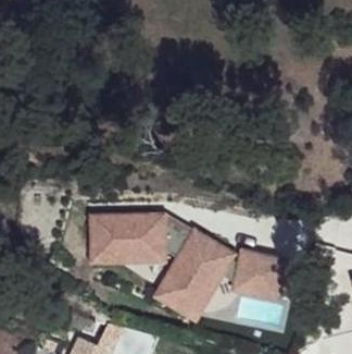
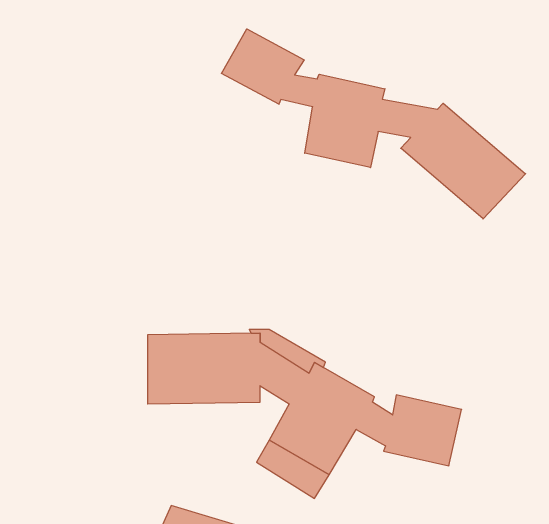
building: none -> [221,29,526,219]

